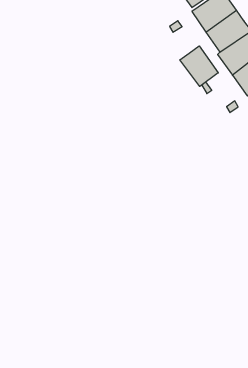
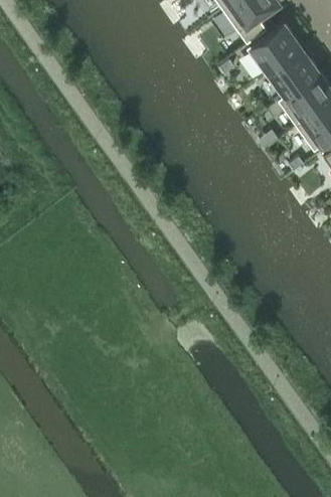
building: [180,46,218,86] -> none

